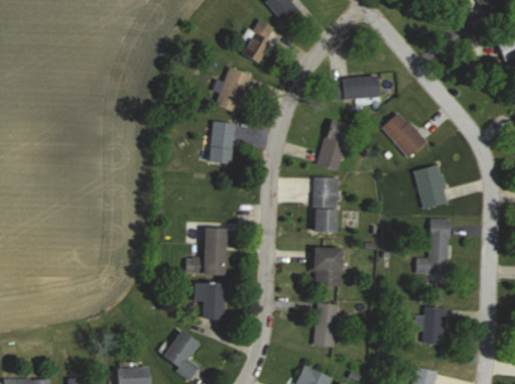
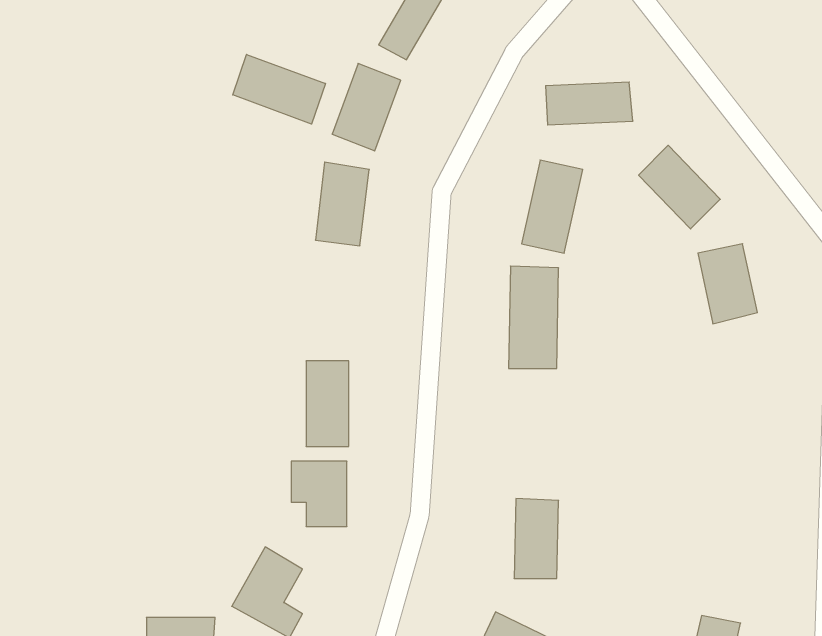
building: none -> [233,54,325,124]
building: [428,219,450,272] -> none
building: [310,247,343,286] -> none
building: [417,304,447,346] -> none

